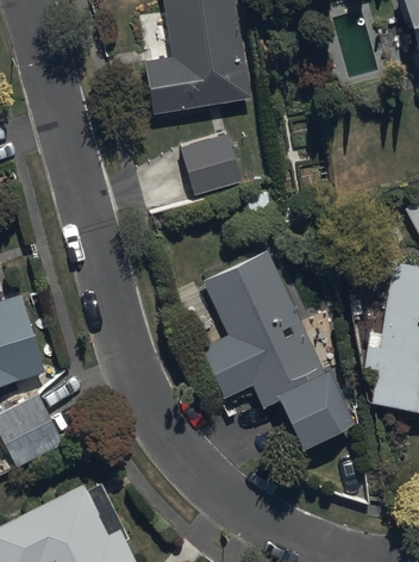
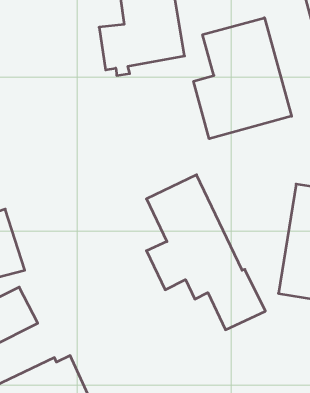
building: none -> [194,18,292,139]
building: [180,135,239,195] -> none

